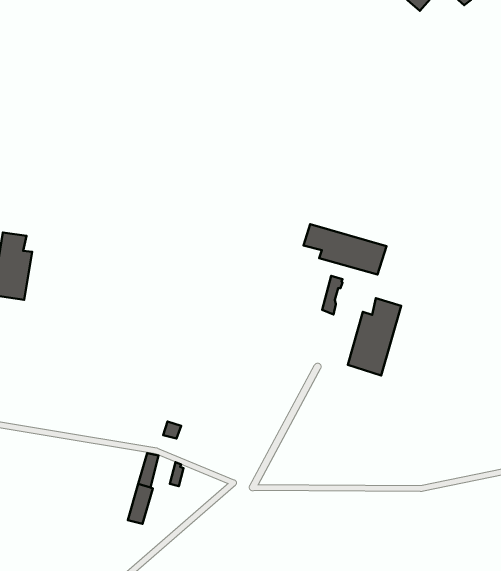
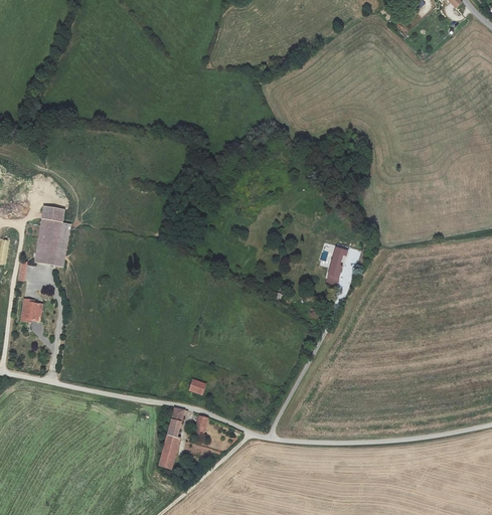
building: [303,224,387,275] -> none
building: [348,298,401,375] -> none

